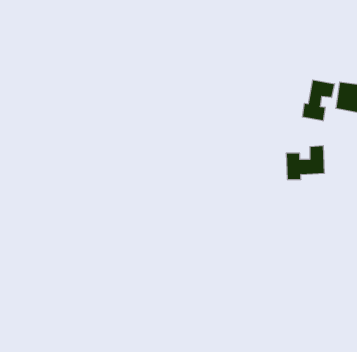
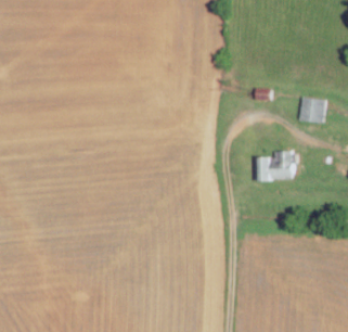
building: [302,80,335,121] -> none

